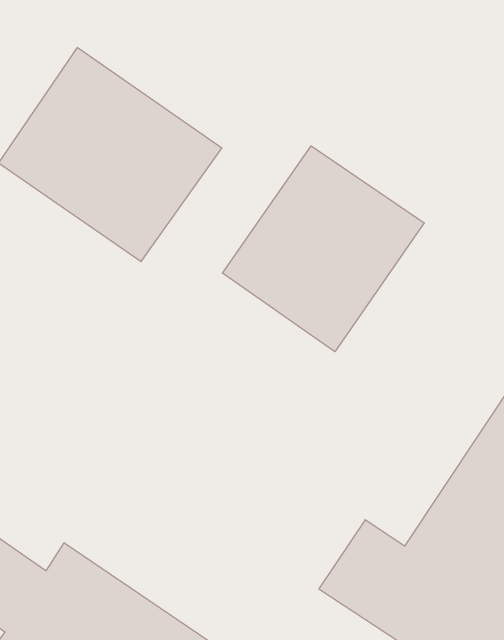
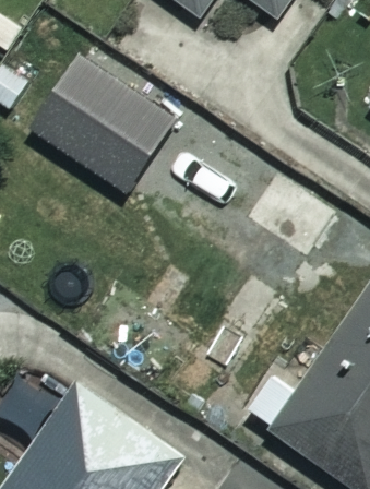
building: [222,146,424,352] -> none

